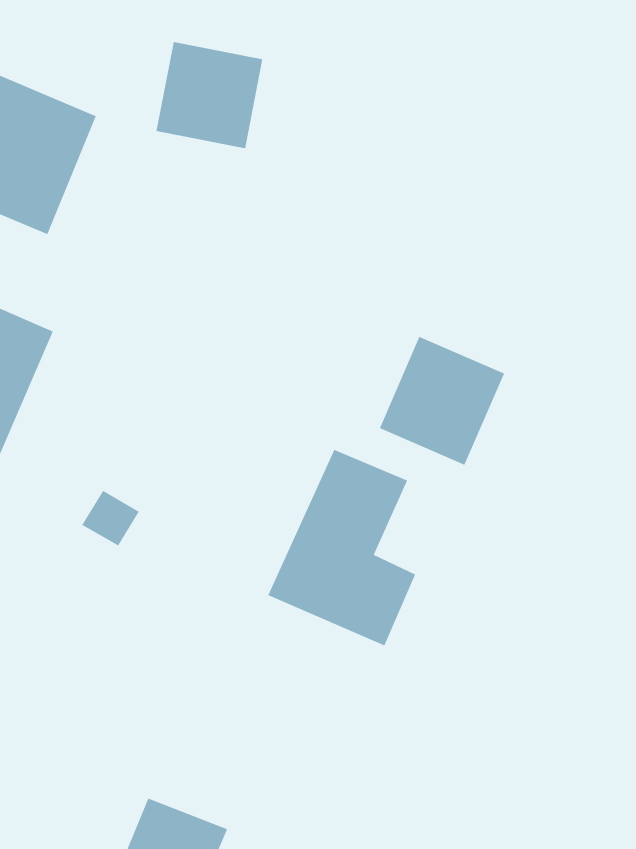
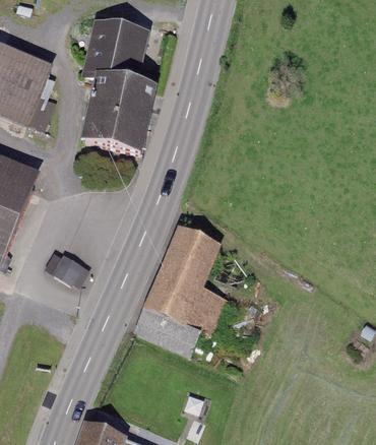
building: none -> [86,72,149,155]
building: [379,336,505,466] -> none

